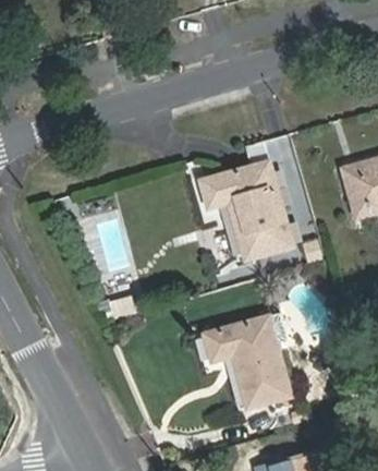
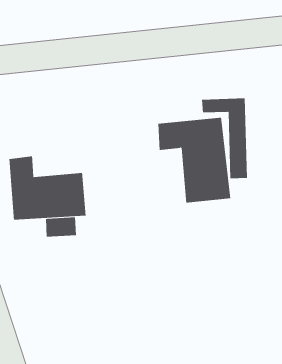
building: none -> [9,155,86,220]
building: [202,313,288,407] -> none

